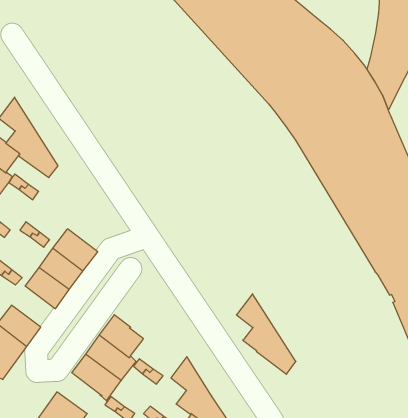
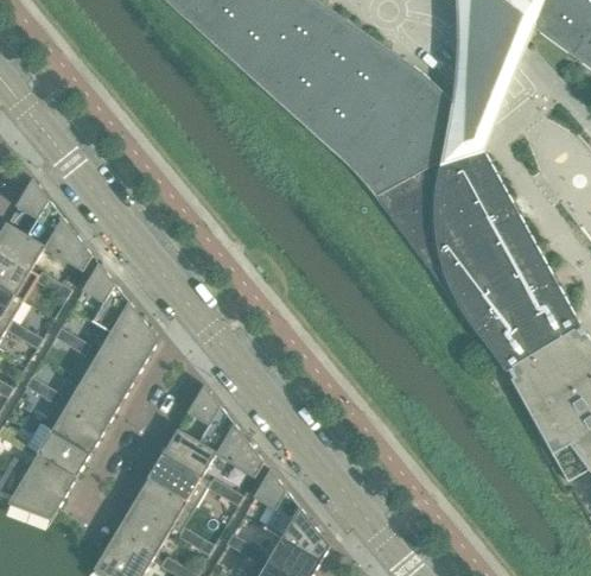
building: none -> [81,262,158,354]
building: none -> [52,404,106,451]
building: [236,294,296,374] -> [186,385,263,477]
building: none -> [117,502,172,550]

